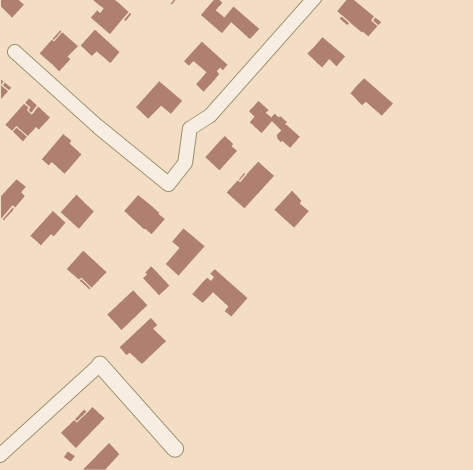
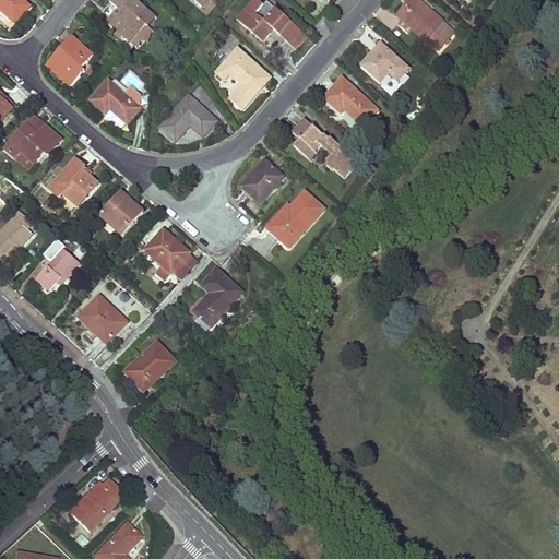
building: [80,29,121,64] -> [91,80,139,121]
building: [349,78,394,116] -> [324,78,377,123]
building: [274,190,310,228] -> none
building: [60,194,95,230] -> [100,190,142,233]
building: [142,266,170,296] -> none
building: [191,268,249,318] -> none
building: [119,317,167,365] -> none

